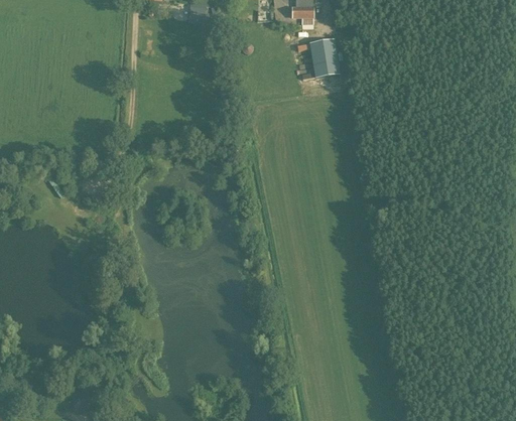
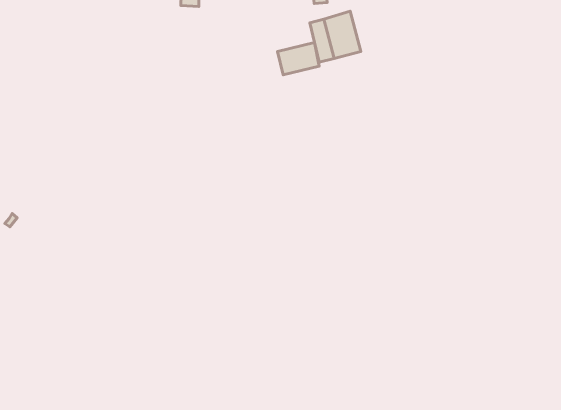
building: none -> [277,42,319,75]

